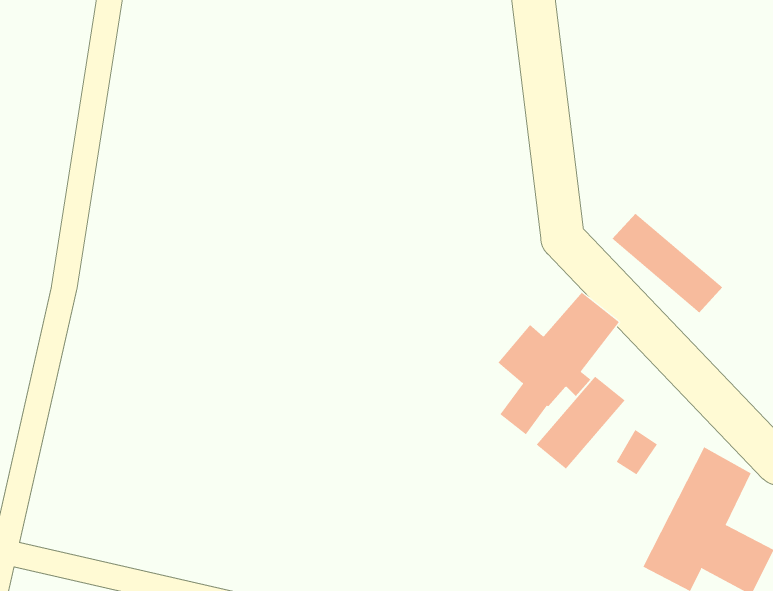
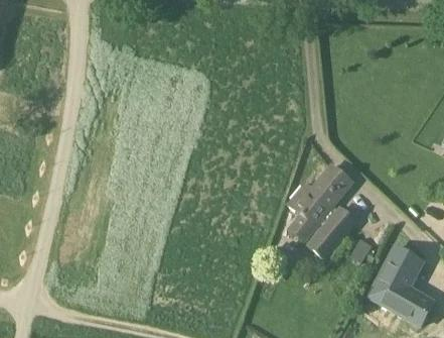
building: [612,213,723,313] -> none

